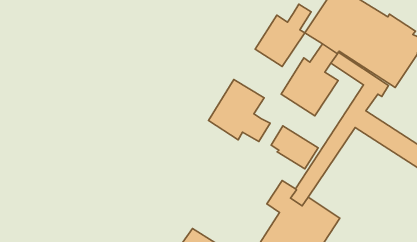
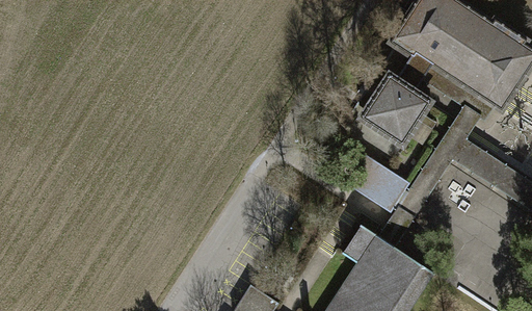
building: [255,4,311,67] -> none
building: [208,80,270,142] -> none

